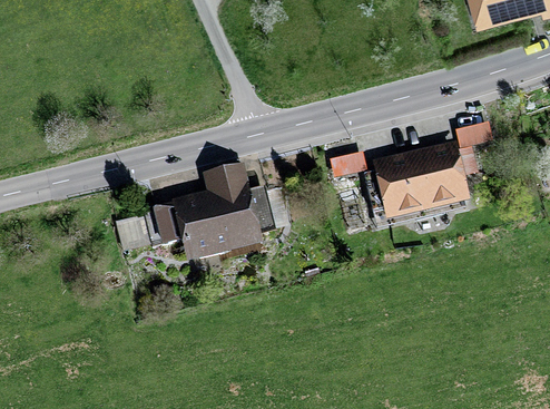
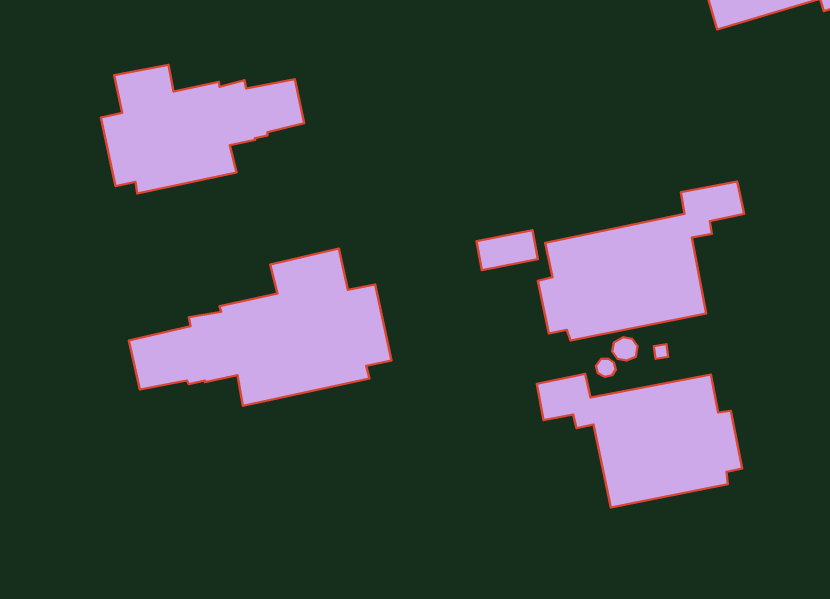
building: none -> [101,65,304,194]
building: none -> [537,374,742,508]

